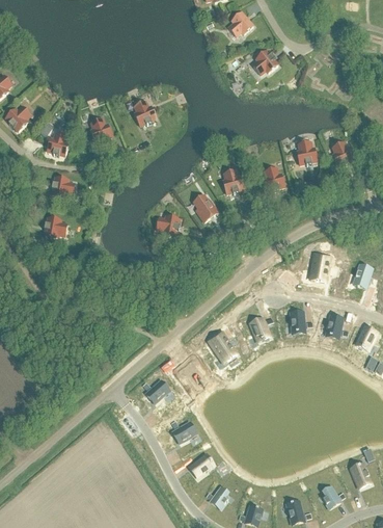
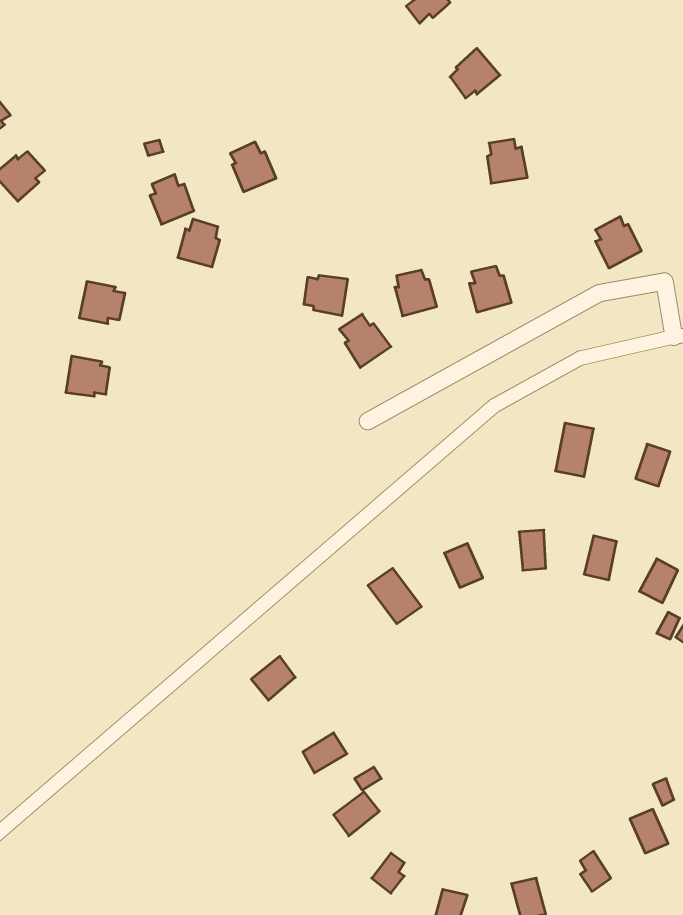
building: [47,130,70,156] -> [178,219,220,267]
building: [297,140,319,164] -> [487,139,527,183]
building: [157,214,181,236] -> [304,275,348,316]

